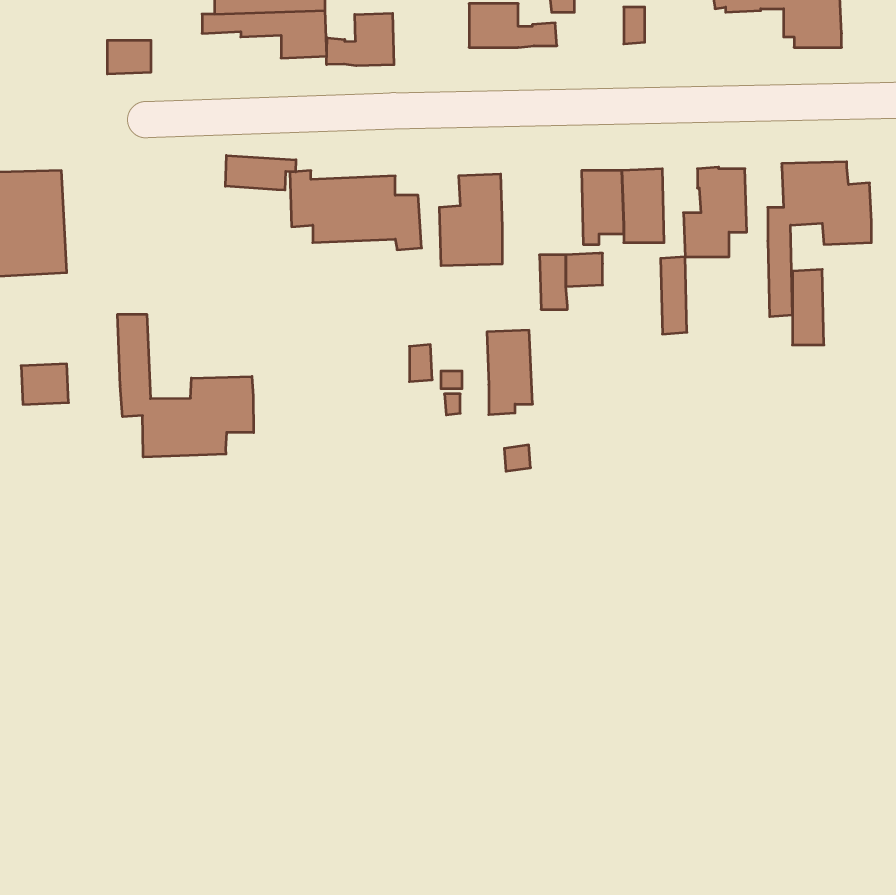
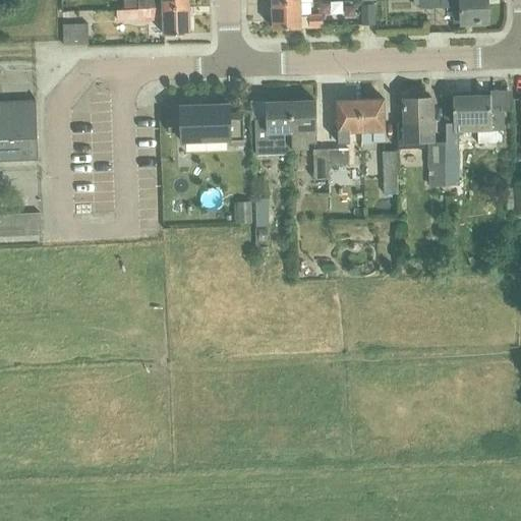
building: [327,13,394,66] -> none
building: [225,155,296,190] -> none
building: [792,269,824,345] -> [427,139,446,183]
building: [118,314,254,457] -> none
building: [487,330,533,415] -> [290,100,316,149]

